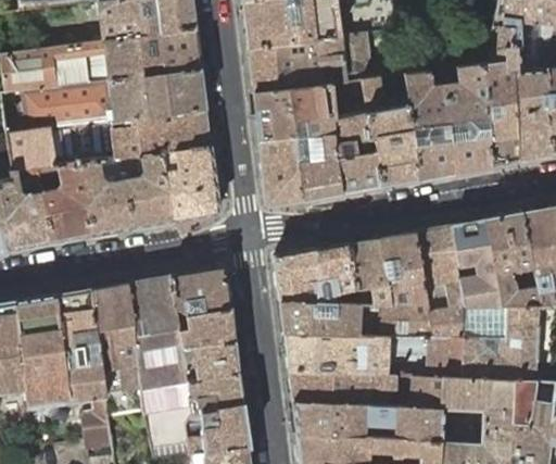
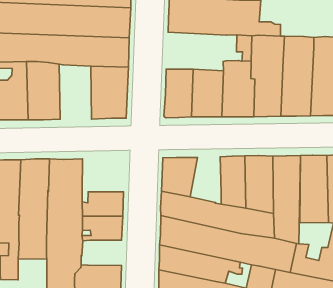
building: [255,85,336,141] -> none
building: [122,153,175,228] -> none
building: [318,243,359,304] -> none
building: [172,265,231,317] -> none
building: [189,372,244,412] -> none

